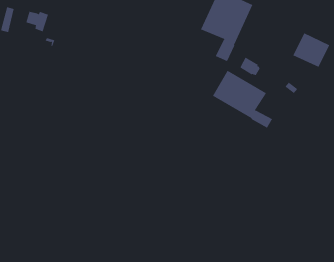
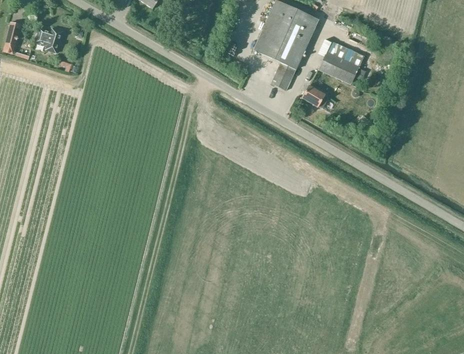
building: [293,32,330,68] -> [318,40,365,84]
building: [212,70,273,129] -> none

